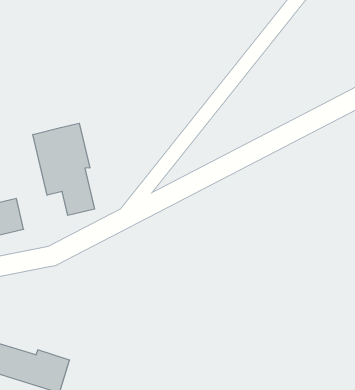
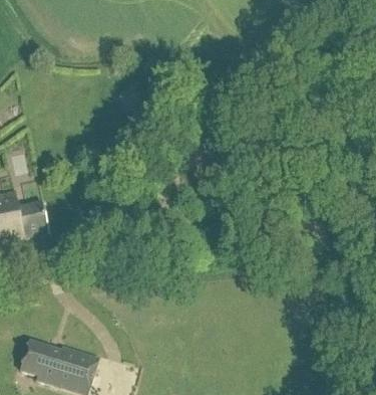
building: [33,123,95,215] -> none

